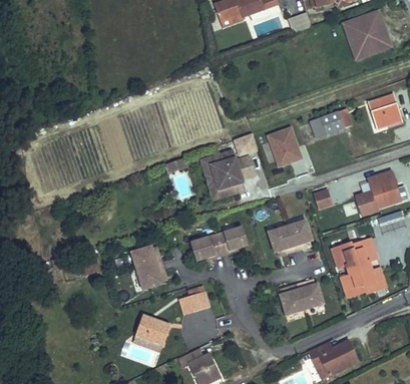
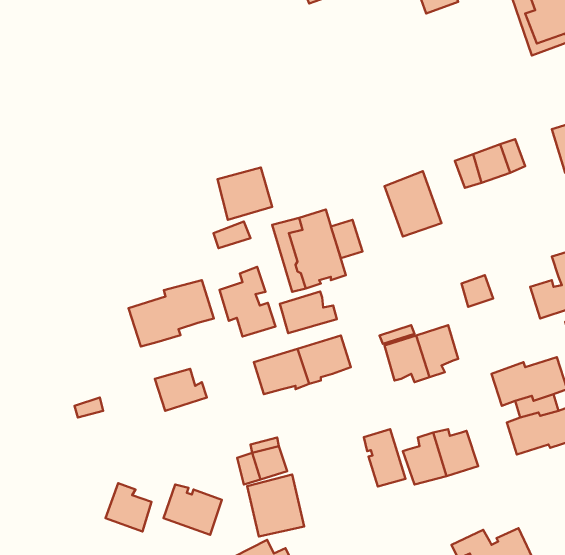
building: none -> [217,167,272,220]
building: [233,133,258,155] -> none
building: none -> [219,267,276,337]
building: none -> [129,280,214,346]
building: none -> [280,292,337,333]
building: [136,263,164,290] -> none
building: none -> [364,429,406,487]
building: none -> [106,483,152,531]

